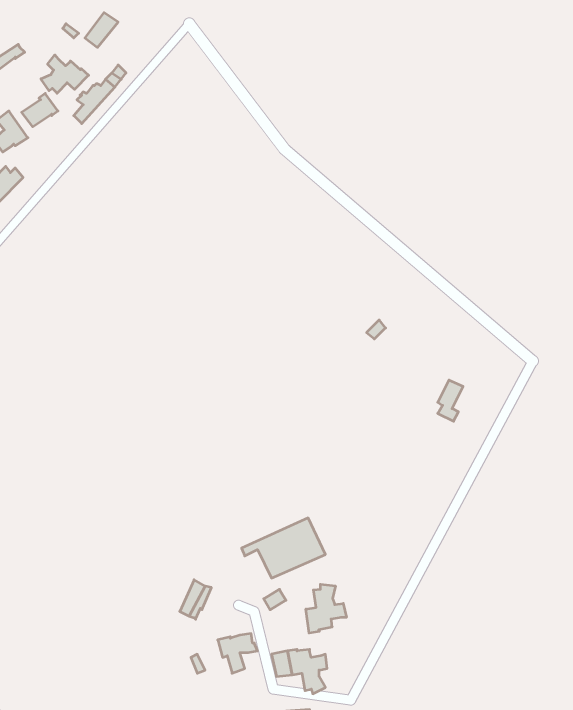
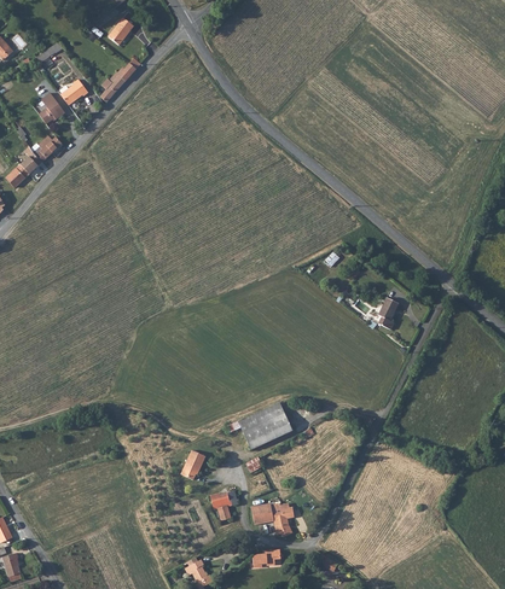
building: [41,55,89,93] -> none
building: [306,584,346,633] -> none

